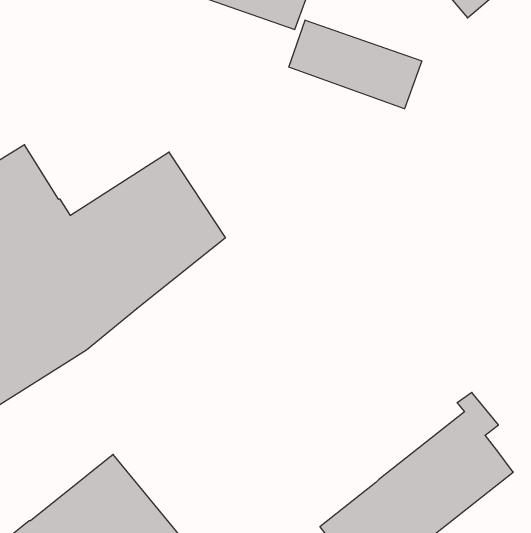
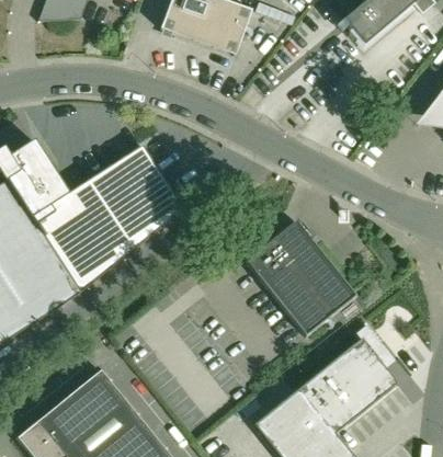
building: [289,20,422,109] -> none
building: none -> [245,219,356,335]

